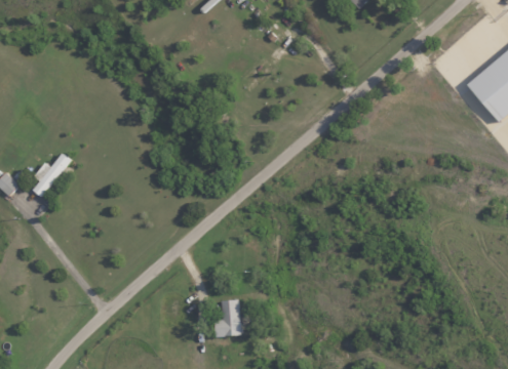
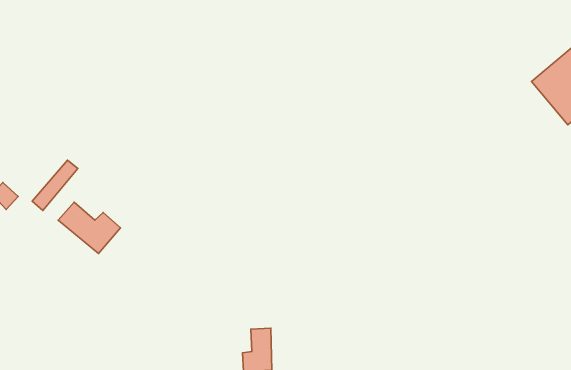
building: none -> [58,202,120,253]

